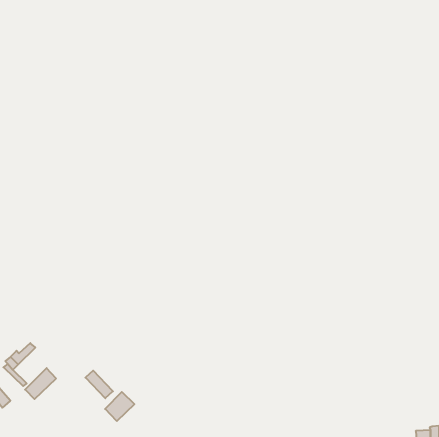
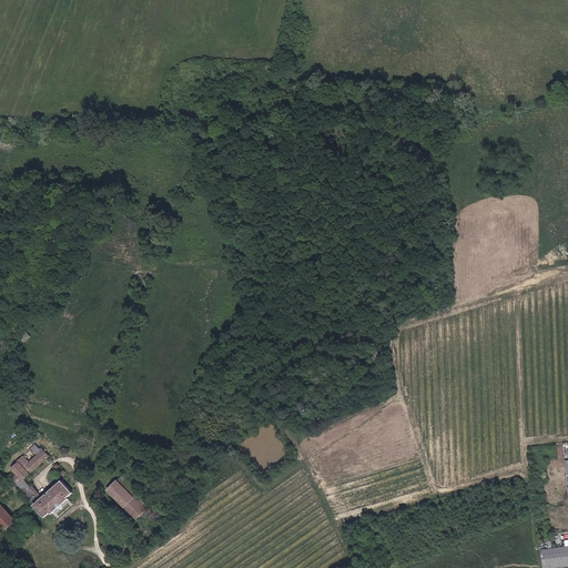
building: [105,392,134,421] -> none

